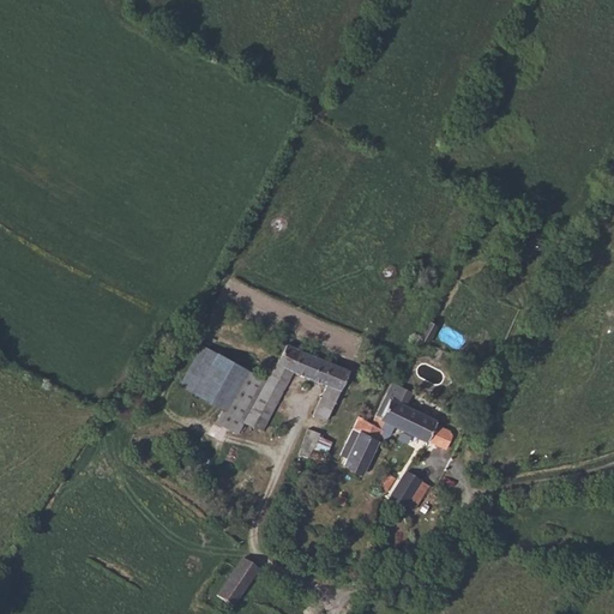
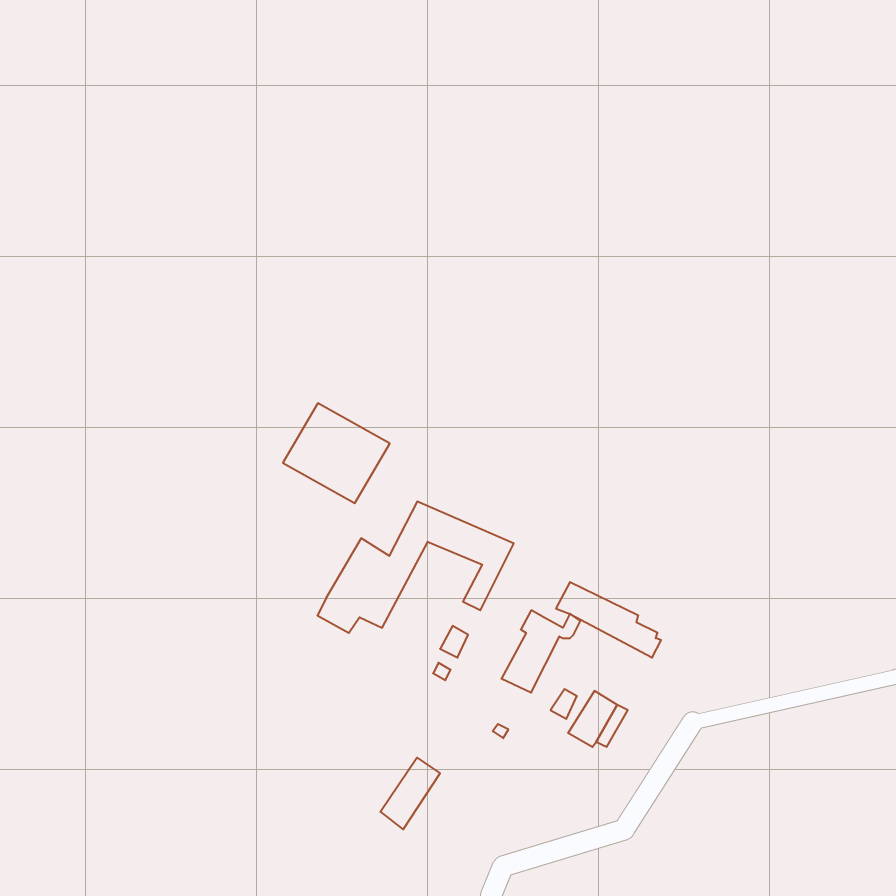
building: [174,341,247,409] -> [283,403,390,503]
building: [218,559,259,608] -> [380,758,440,829]

